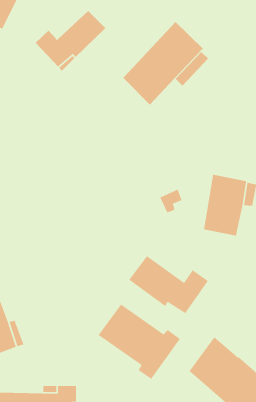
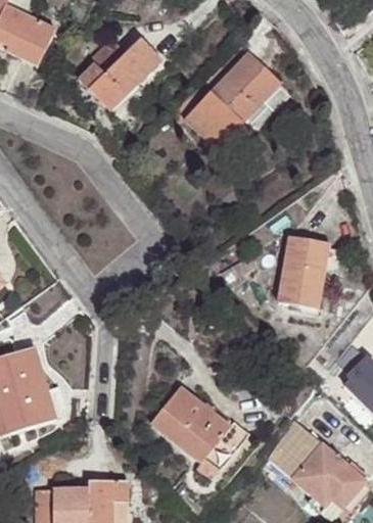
building: [128,255,209,314] -> none

